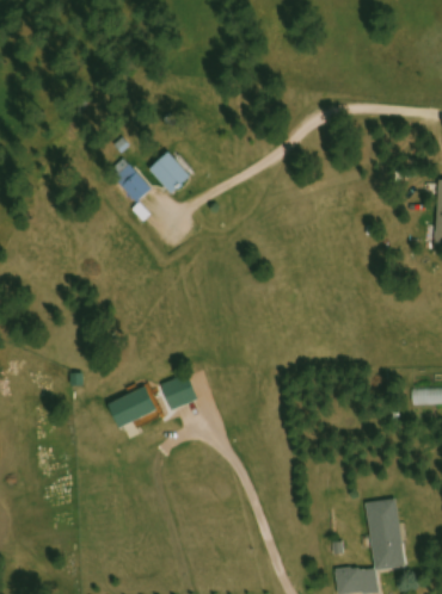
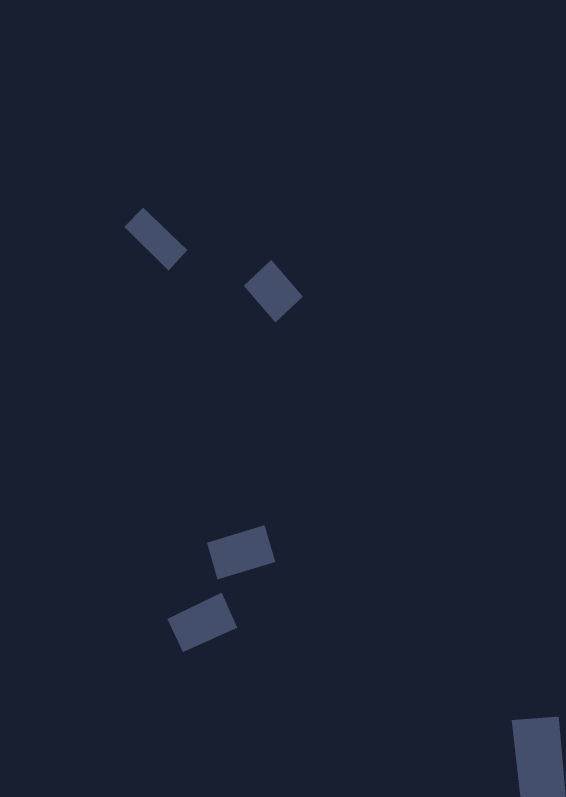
building: [149,153,190,196] -> [243,259,304,323]
building: [109,386,156,427] -> [166,592,238,653]

